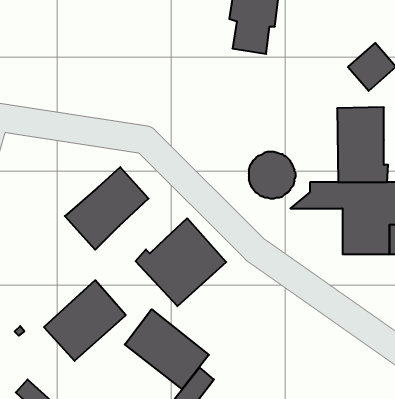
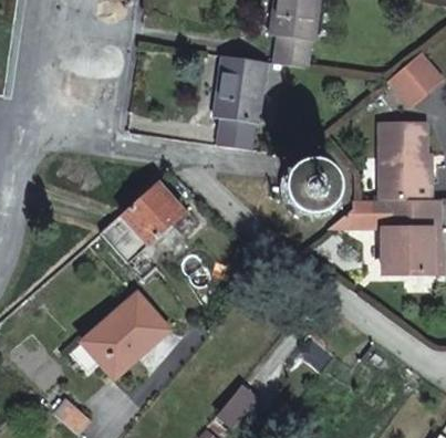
building: none -> [212,54,267,149]
building: [136,218,226,306] -> none
building: [125,309,209,389] -> none

